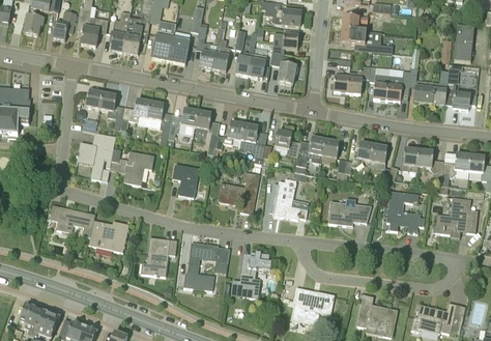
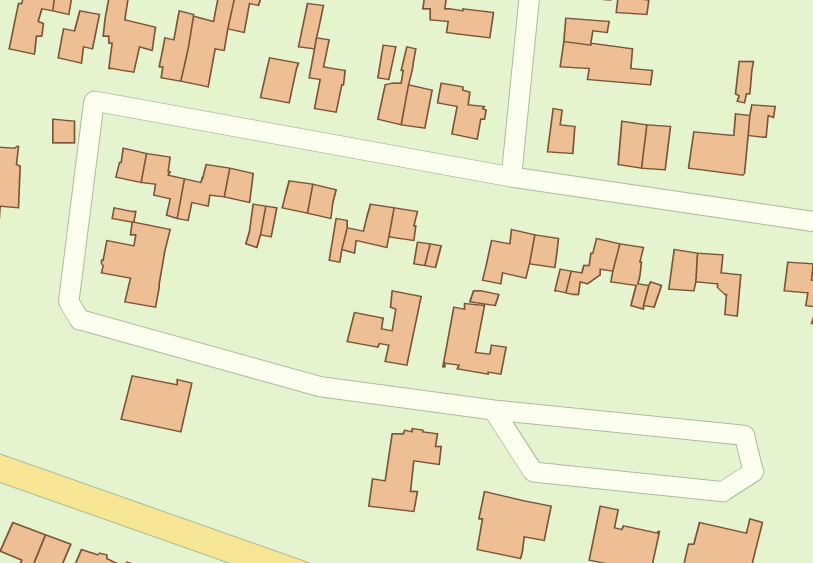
building: [211,19,230,72] -> none
building: [454,25,473,61] -> none
building: [271,29,298,54] -> none
building: [151,30,173,60] -> none
building: [347,65,370,94] -> none
building: [445,82,476,110] -> none
building: [275,130,300,157] -> none
building: [110,148,154,184] -> none
building: [441,151,470,186] -> none
building: [172,164,199,197] -> none
building: [386,190,418,232] -> none
building: [433,197,478,237] -> none
building: [328,201,371,225] -> none
building: [50,204,95,236] -> none
building: [145,236,177,276] -> none
building: [183,241,230,290] -> none

